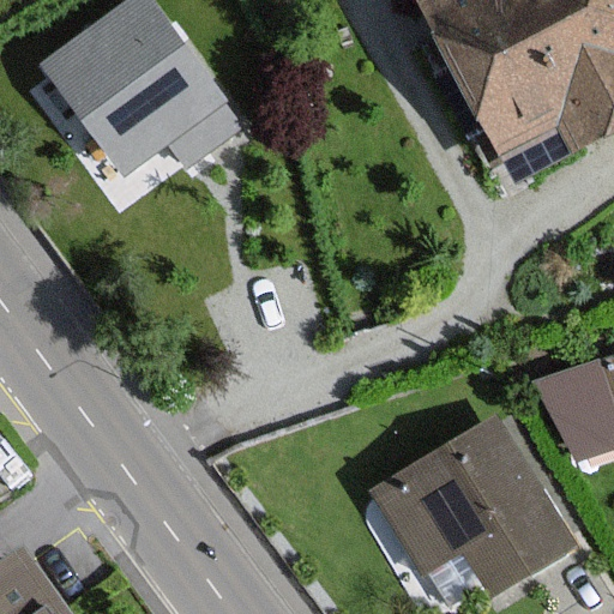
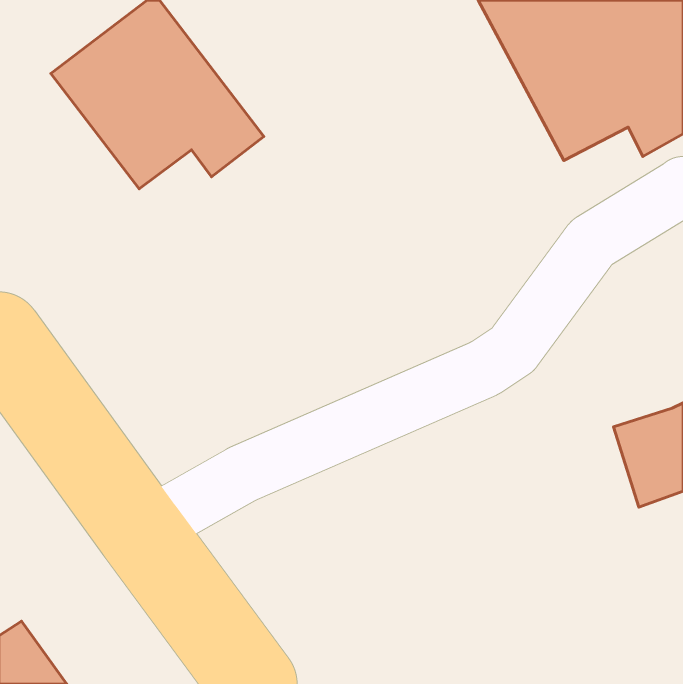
building: [379,421,570,588] -> none

